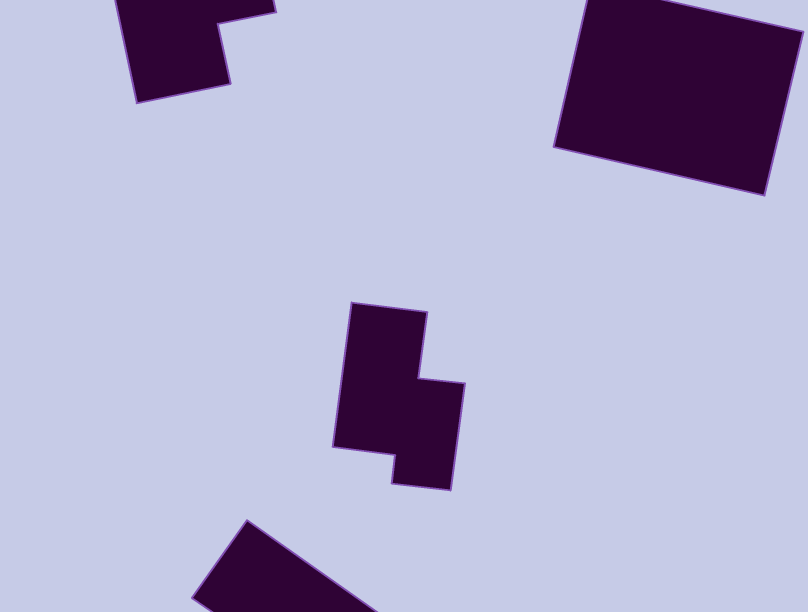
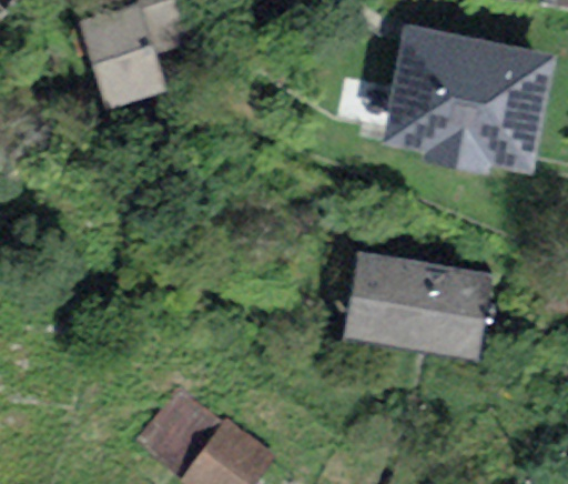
building: [333,302,465,491] -> none
building: none -> [346,249,485,346]

